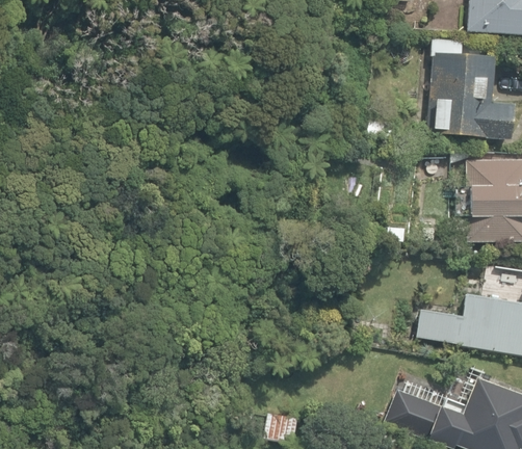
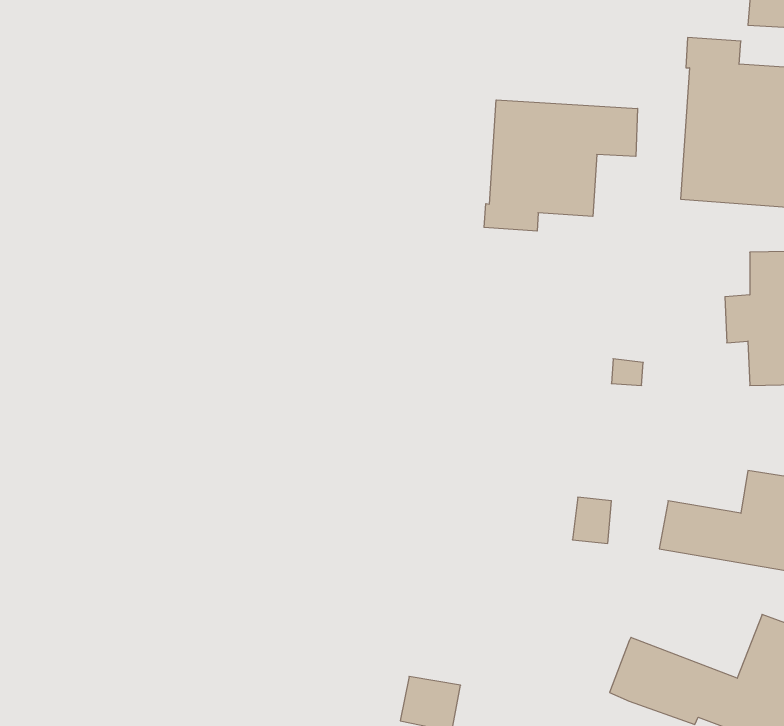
building: none -> [484,100,638,231]

